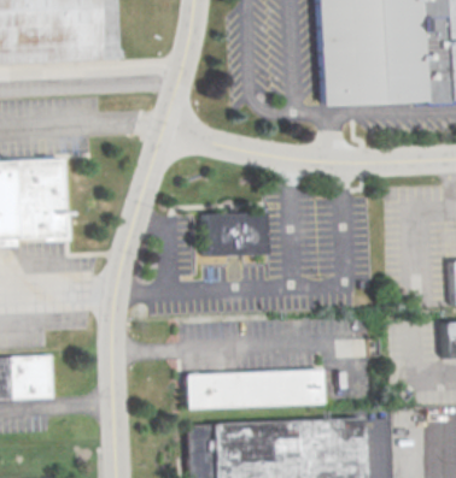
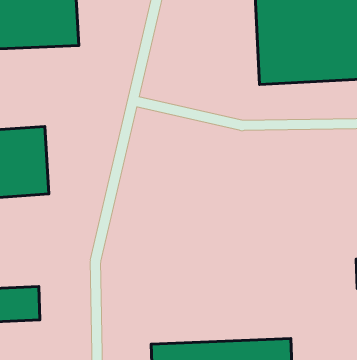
building: [206,212,267,254] -> none
building: [187,368,325,409] -> none

